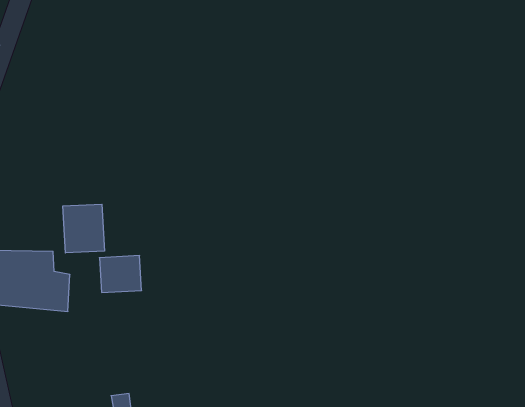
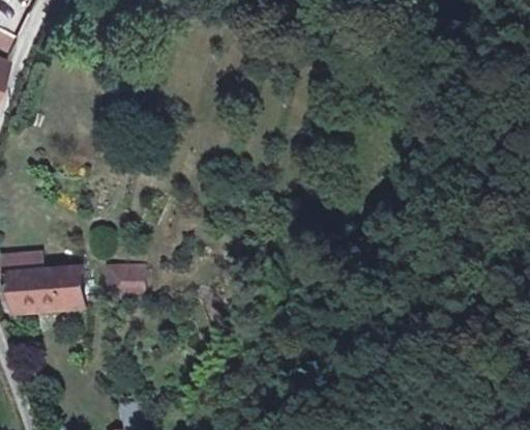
building: [63,204,104,253] -> none

